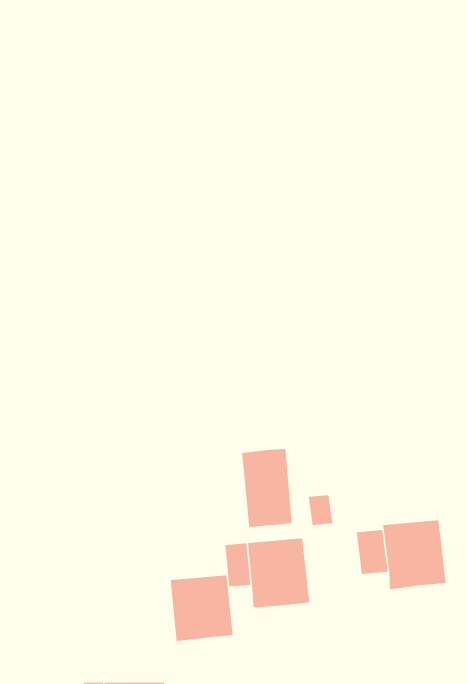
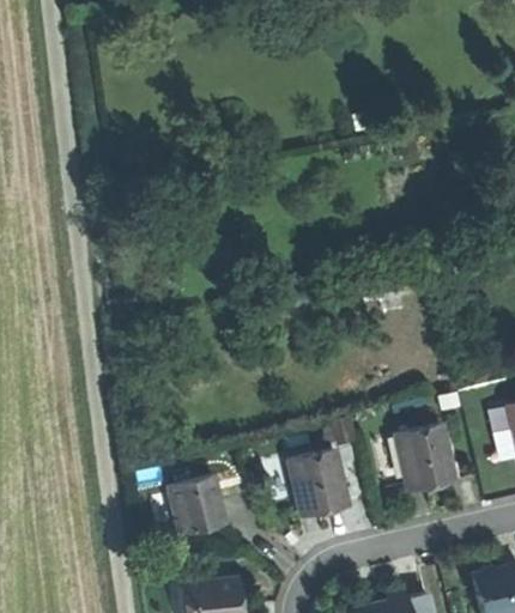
building: [241,448,292,528] -> none
building: [170,575,233,642] -> [172,475,229,534]

